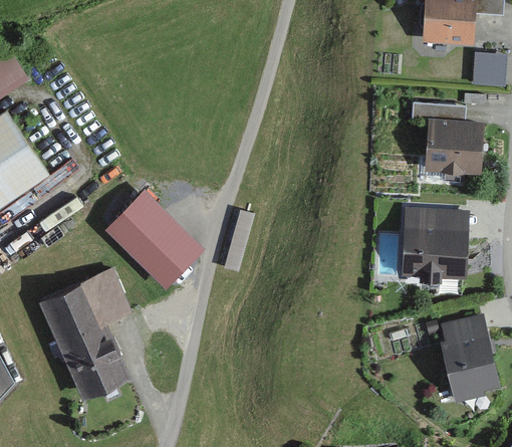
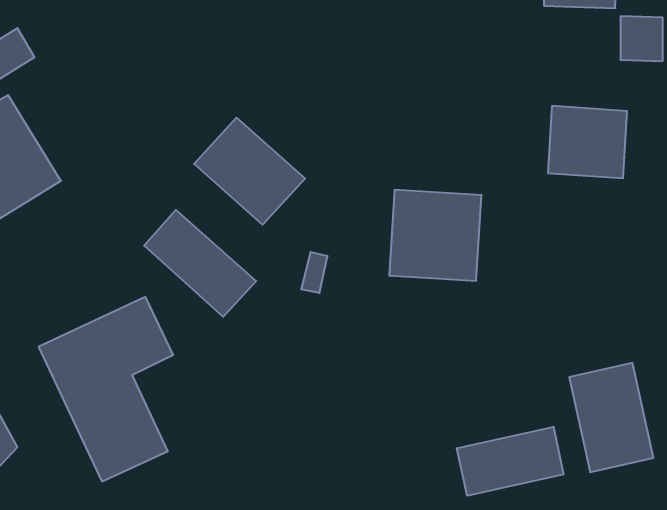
building: none -> [194,118,305,225]
building: [399,211,469,280] -> [389,190,482,281]
building: none -> [457,427,563,496]

